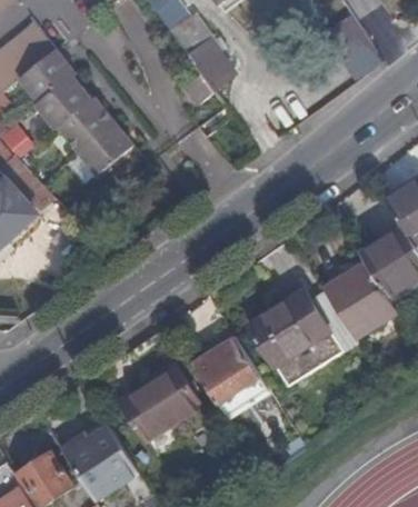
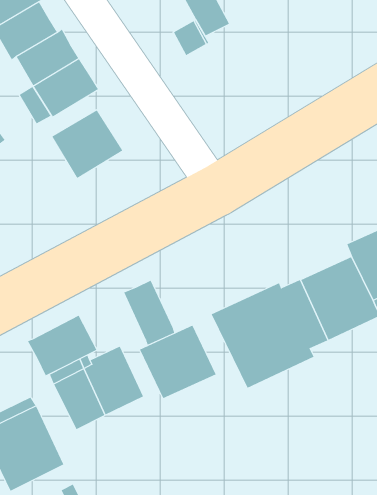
building: none -> [51,109,123,179]
building: none -> [124,280,175,346]
building: none -> [27,315,97,376]

